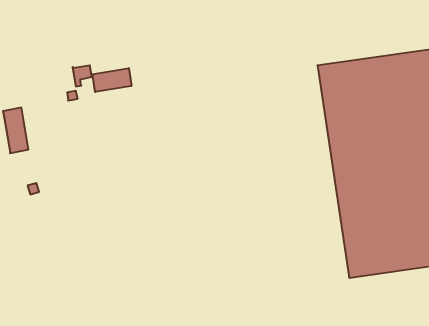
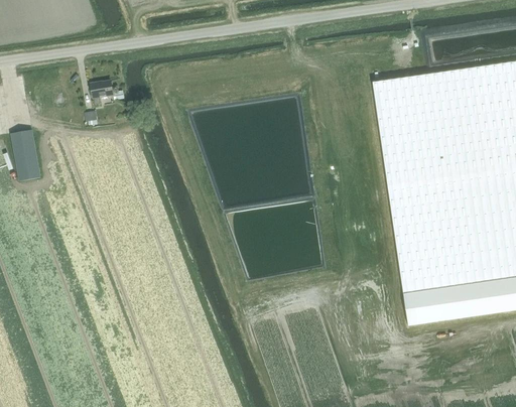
building: [92,68,131,92] -> none

